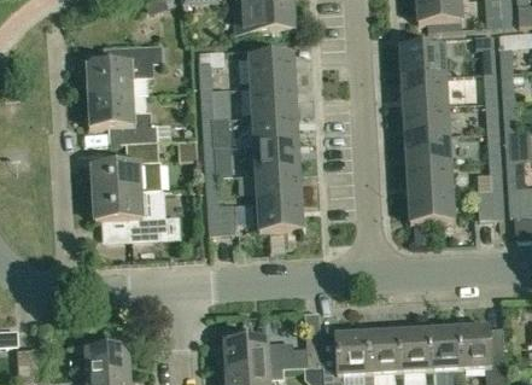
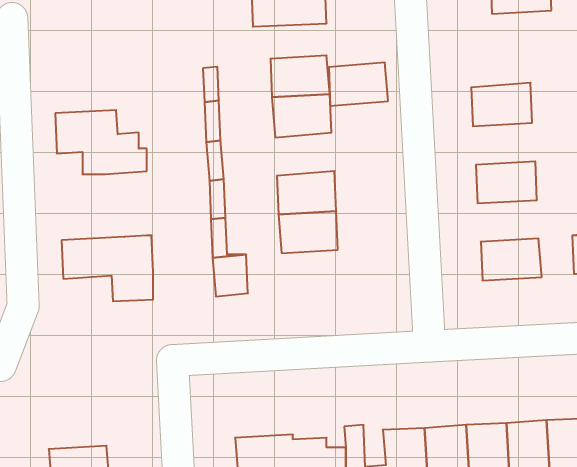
building: [86,43,163,97] -> none
building: [399,45,445,77] -> none
building: [402,104,449,135] -> none
building: [253,111,298,144] -> [329,63,388,106]
building: [92,140,158,192] -> none
building: [405,162,451,193] -> none
building: [258,199,303,231] -> none

